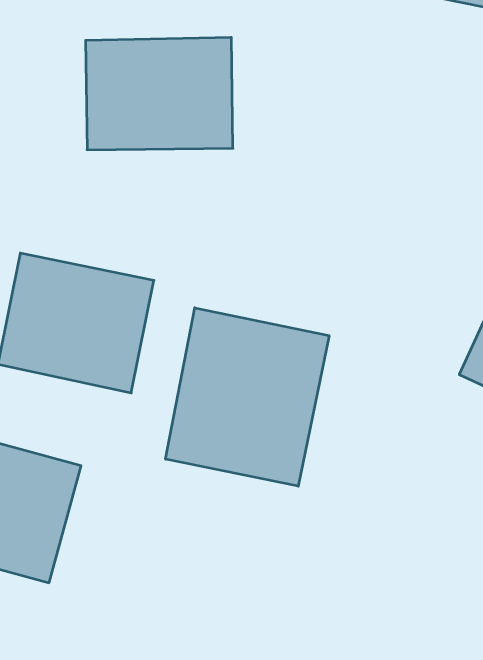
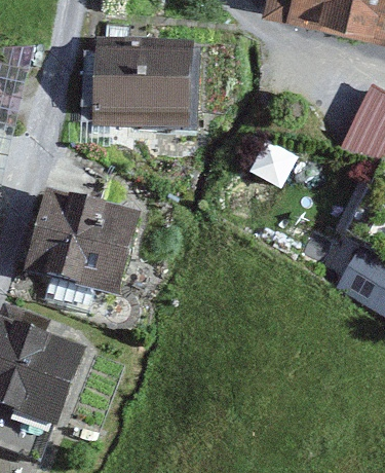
building: [166,308,329,486] -> none

